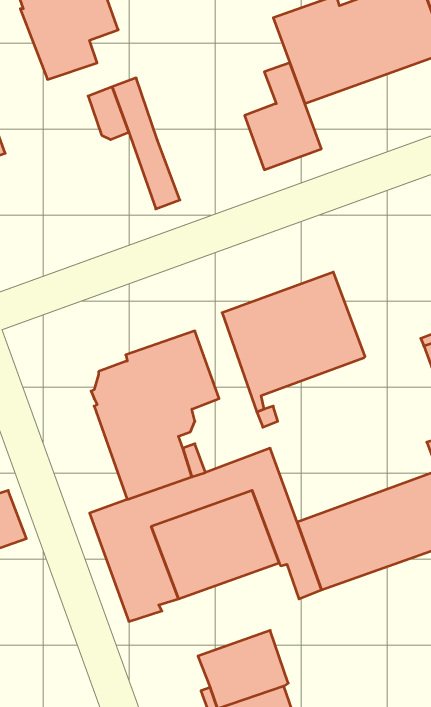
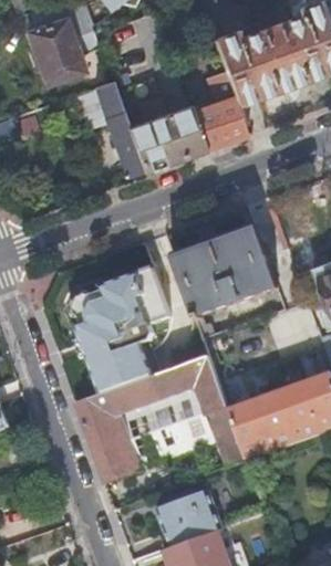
building: none -> [125,101,204,171]

